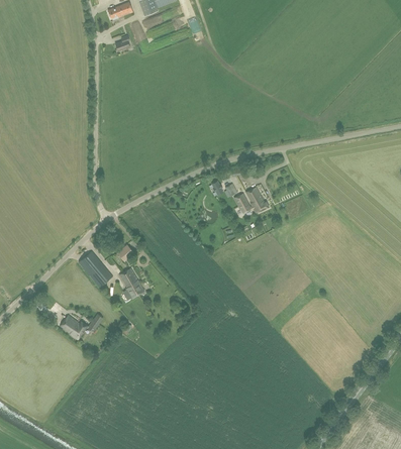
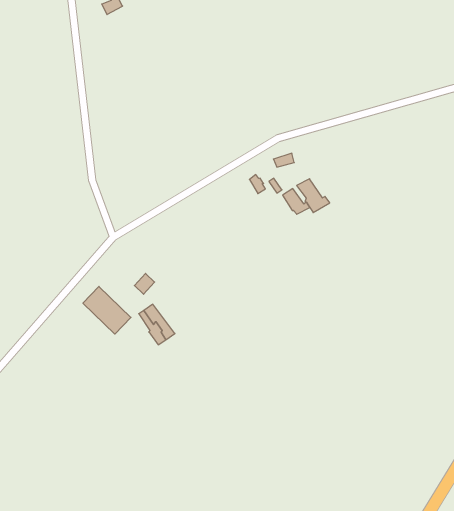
building: [61,313,103,338] -> none

